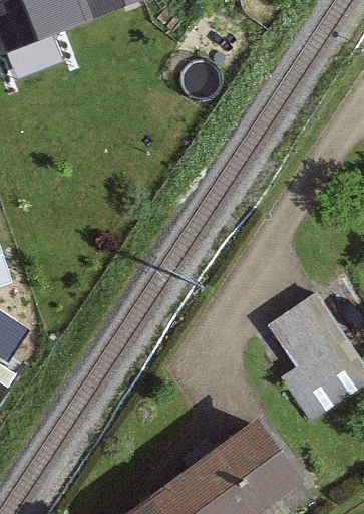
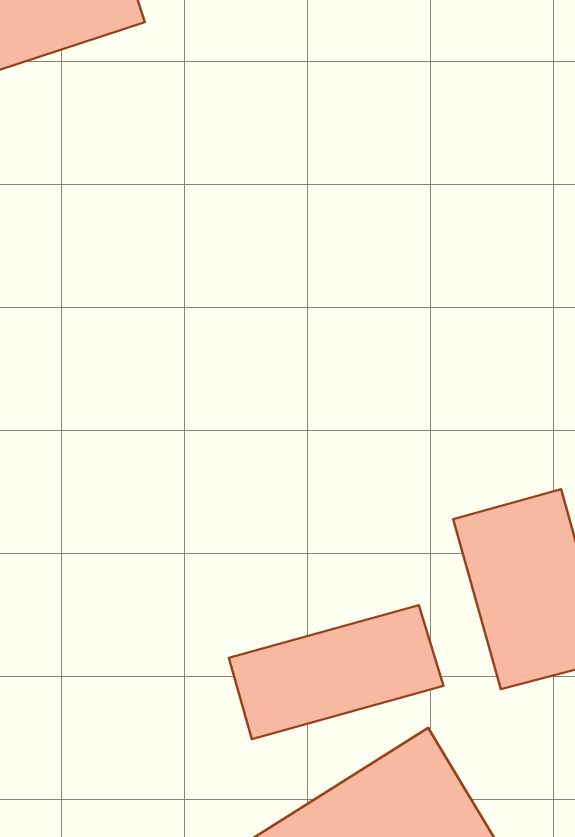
building: none -> [229,605,443,739]

